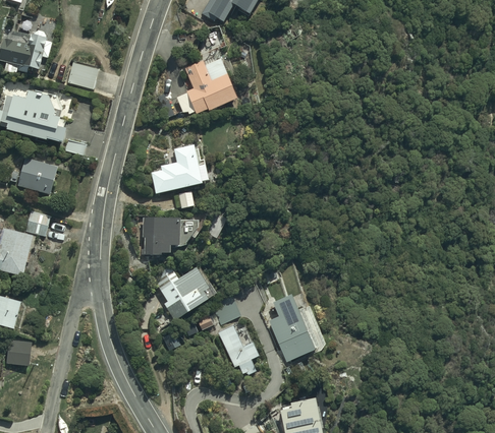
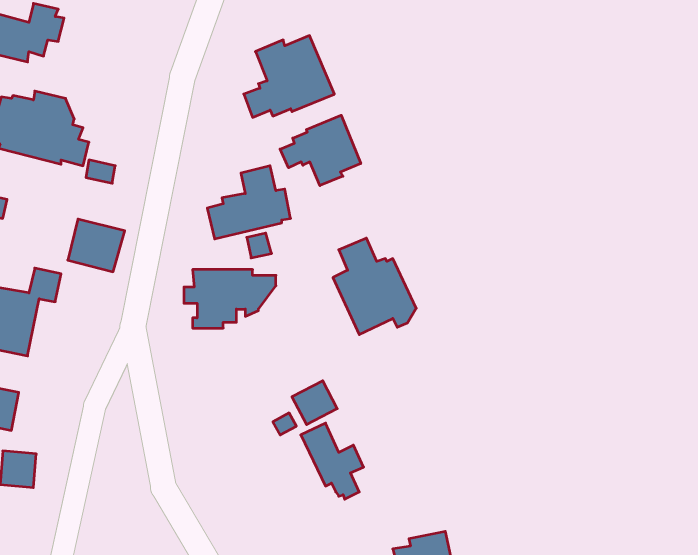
building: [66,62,97,89] -> none
building: none -> [280,115,361,186]
building: [18,158,58,194] -> [68,219,125,272]
building: [151,267,215,321] -> none
building: [268,294,326,361] -> [333,238,416,335]

